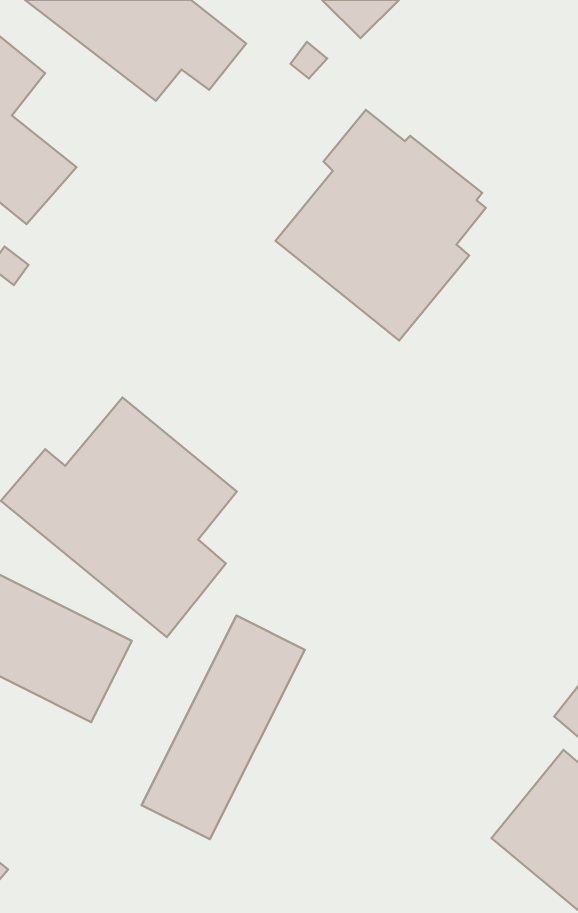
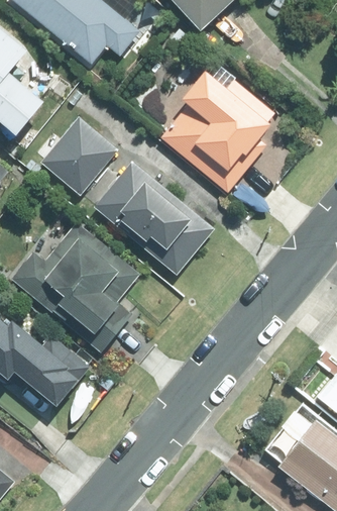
building: none -> [39,116,214,273]
building: [142,616,305,839] -> none

